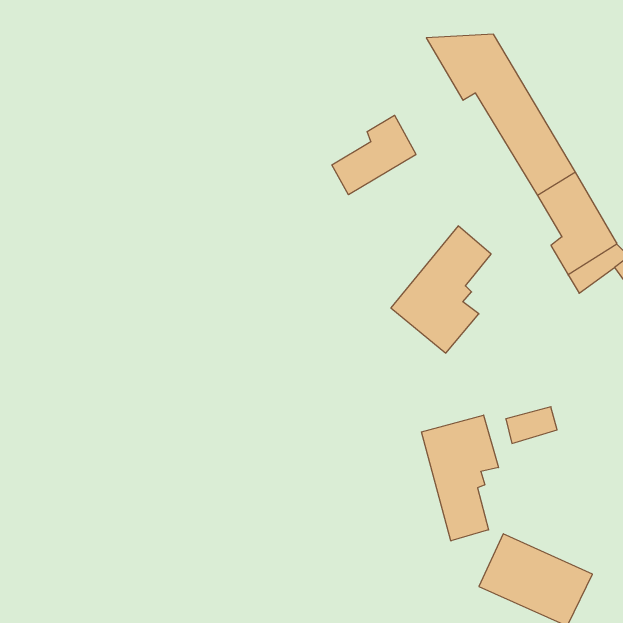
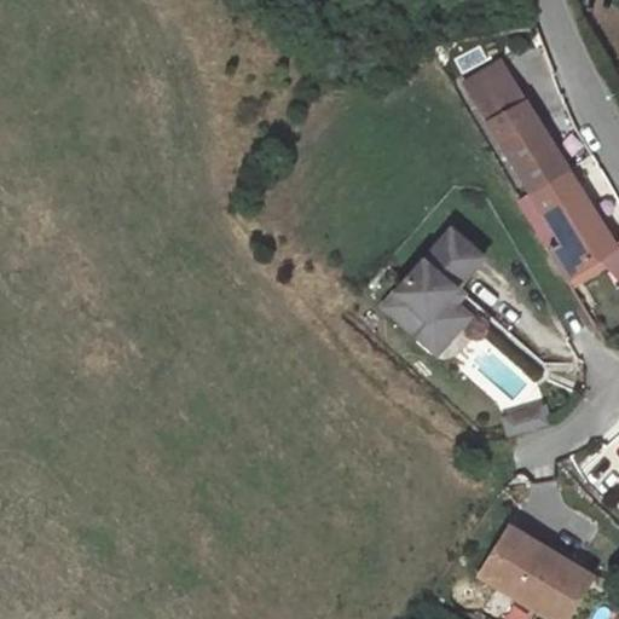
building: [332,115,416,195] -> none
building: [421,415,498,541] -> none

